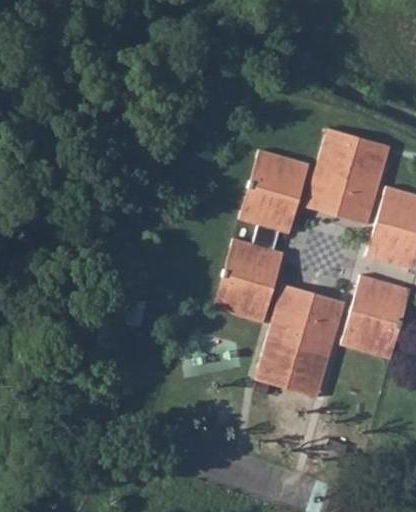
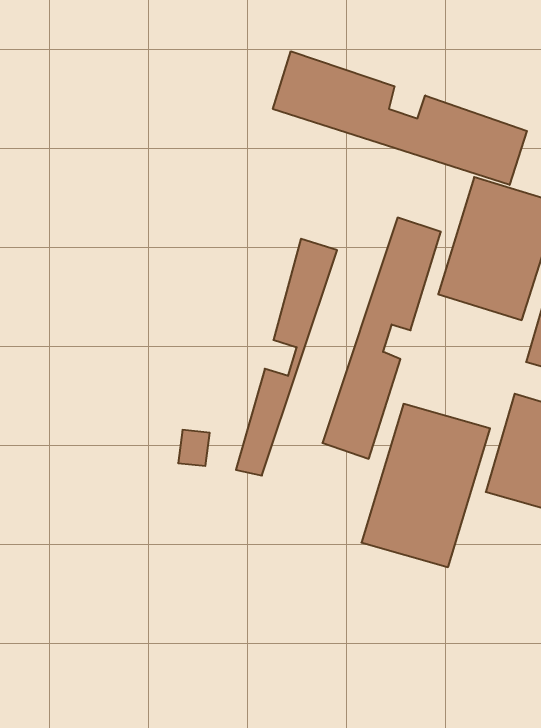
building: none -> [273,51,527,185]
building: [210,147,280,311] -> [236,239,337,476]

